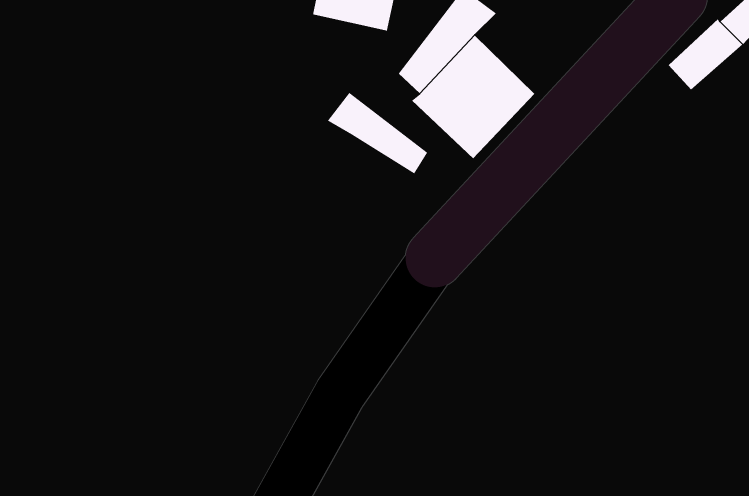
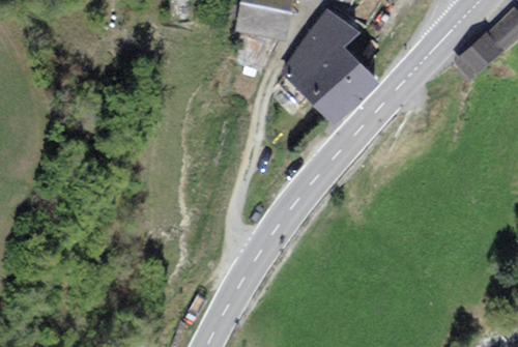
building: [327,92,428,174] -> none

